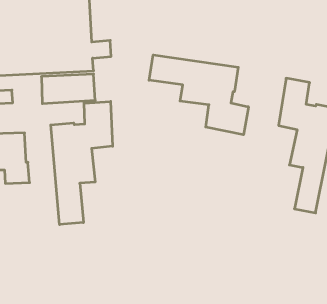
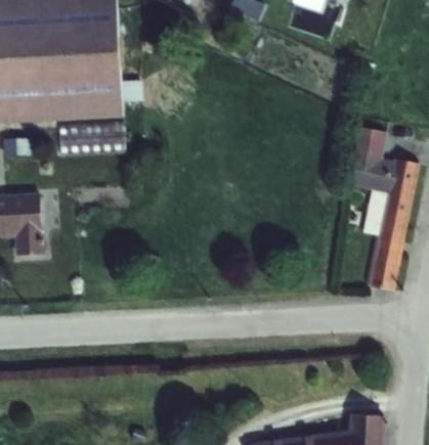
building: [149,55,248,135] -> none
building: [51,101,113,225] -> none

